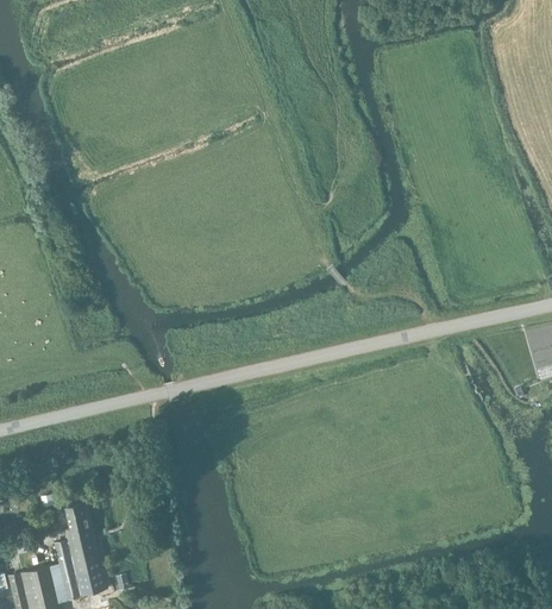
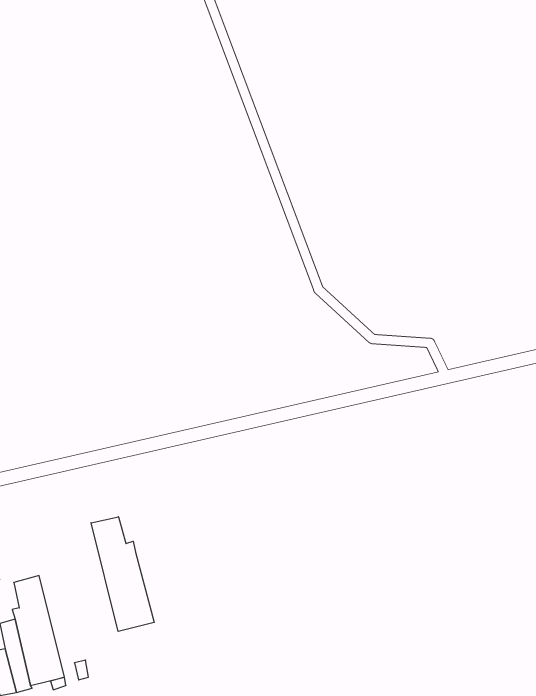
building: none -> [91,517,154,631]

